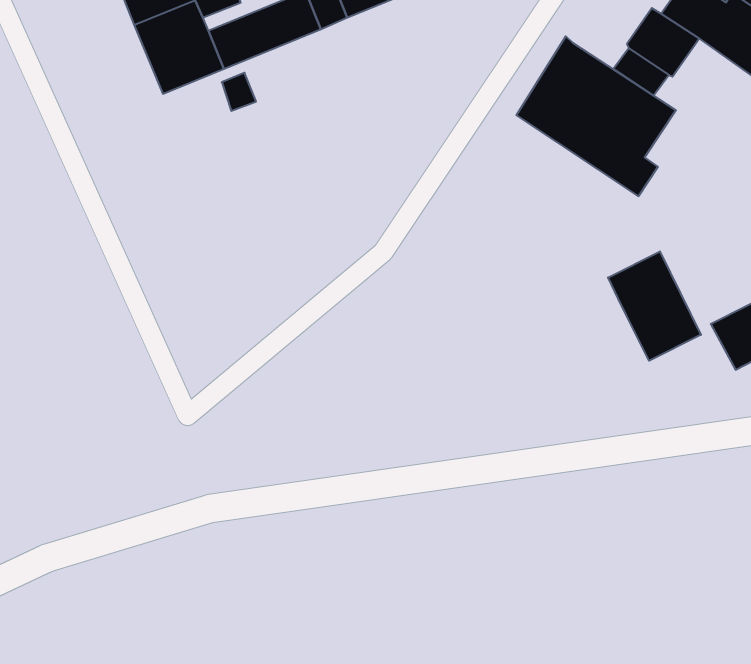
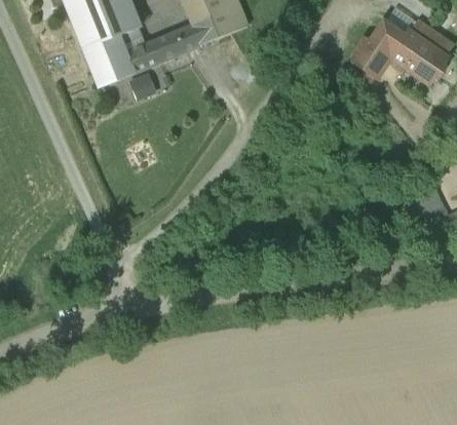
building: [516,36,676,196] -> none
building: [608,251,701,361] -> none

